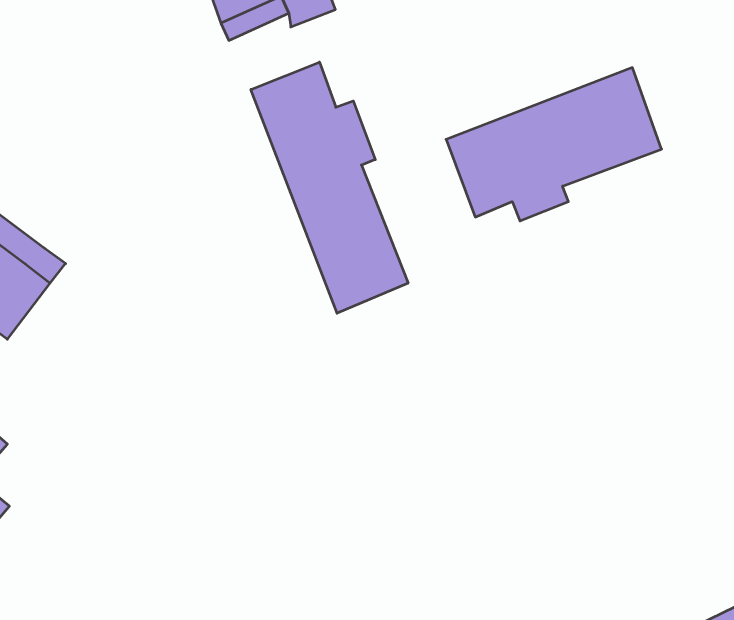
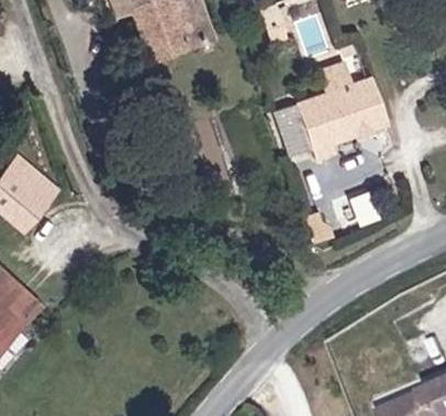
building: [251,62,408,313] -> none

